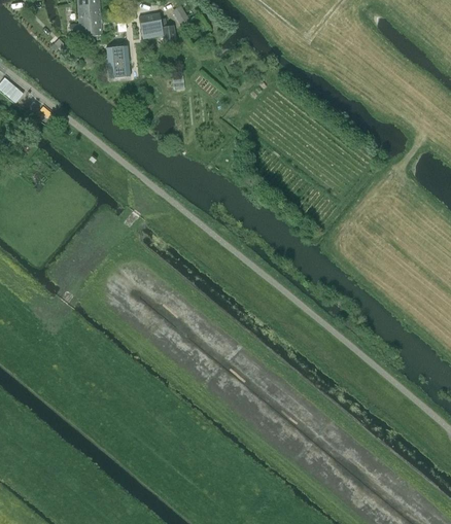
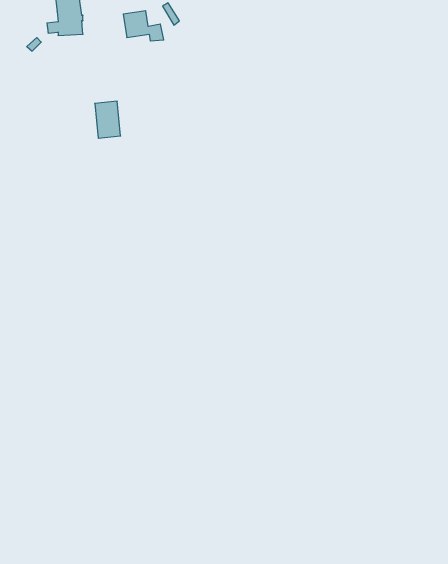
building: [107,44,131,78] -> [95,101,121,138]

